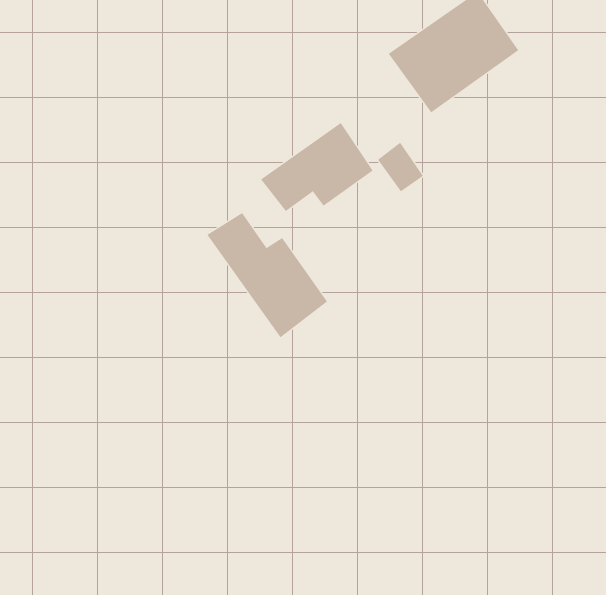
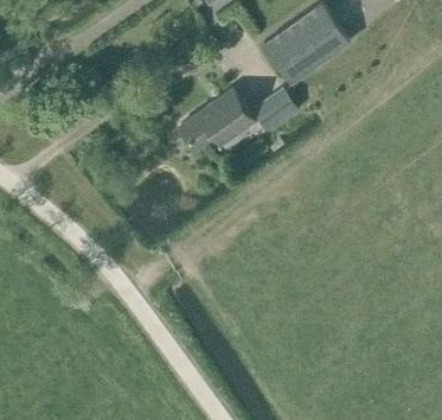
building: [207,212,328,338] -> none

